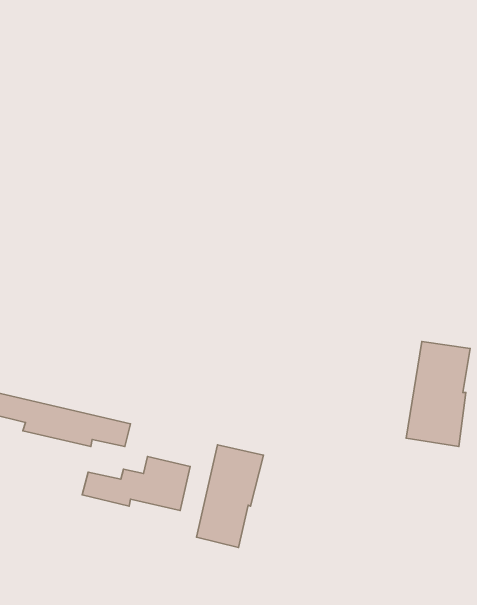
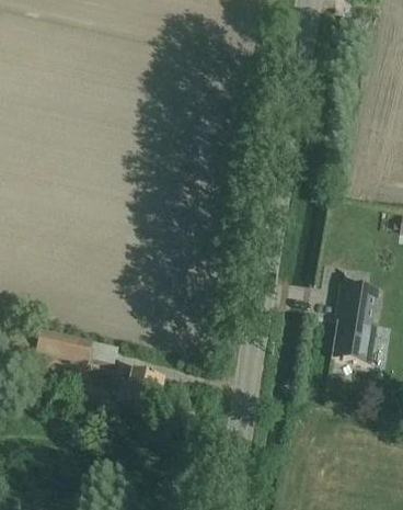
building: [196,445,263,548] -> none

